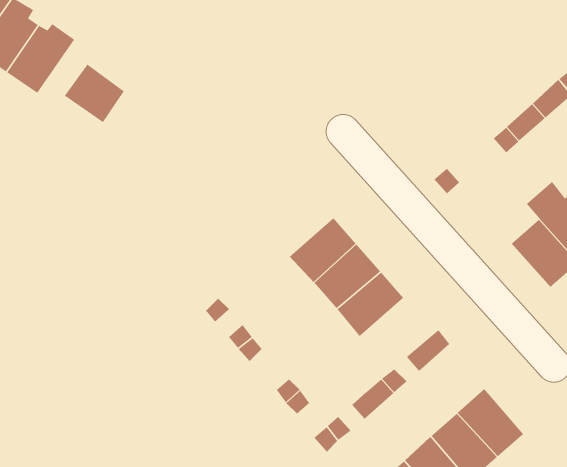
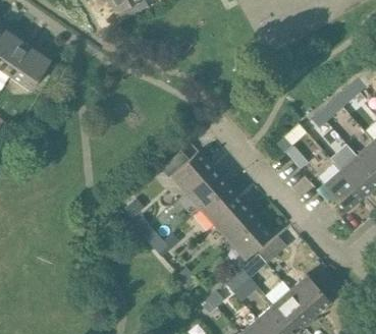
building: [64,64,125,123] -> none
building: none -> [170,150,213,191]
building: none -> [229,217,272,258]

